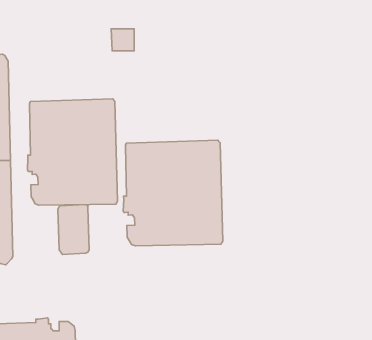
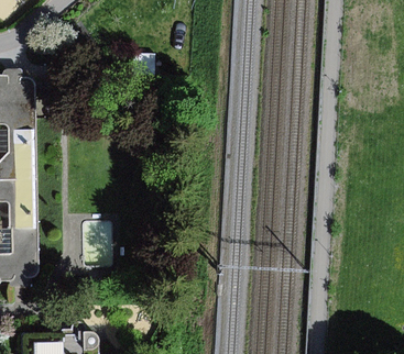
building: [28,99,118,205] -> none
building: [123,140,223,246] -> none

